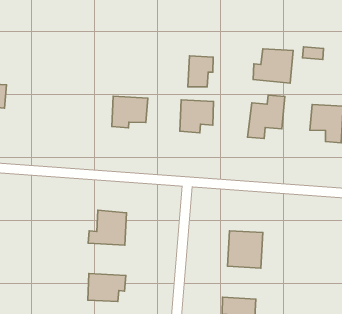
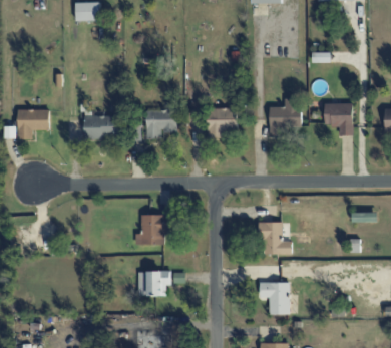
building: [253,49,293,83] -> none
building: [188,56,213,87] -> none
building: none -> [83,115,117,139]

